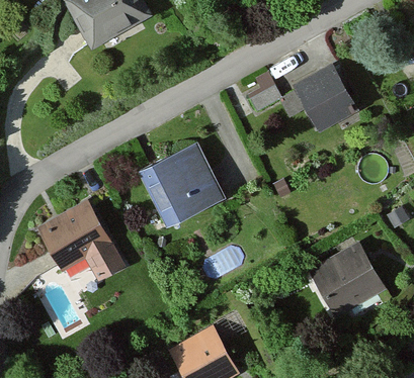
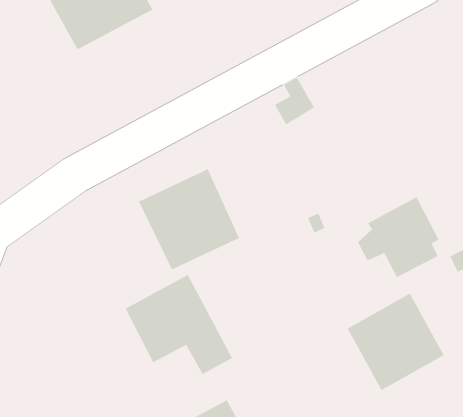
building: [285,66,351,130] -> [357,197,440,278]
building: [39,199,126,279] -> [125,274,233,375]

